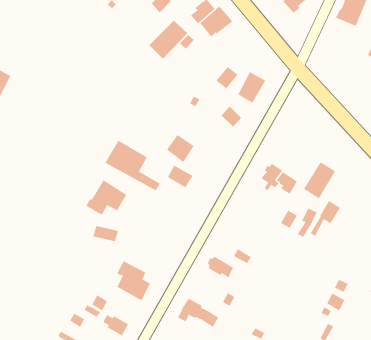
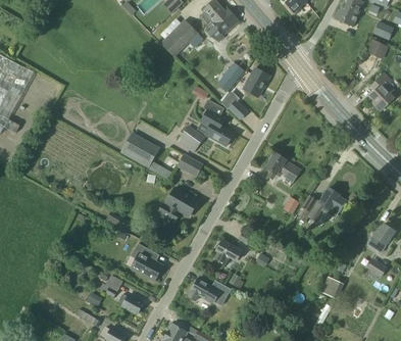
building: none -> [200,108,234,145]
building: [303,162,336,199] -> none
building: [86,179,127,216] -> [158,186,197,220]

